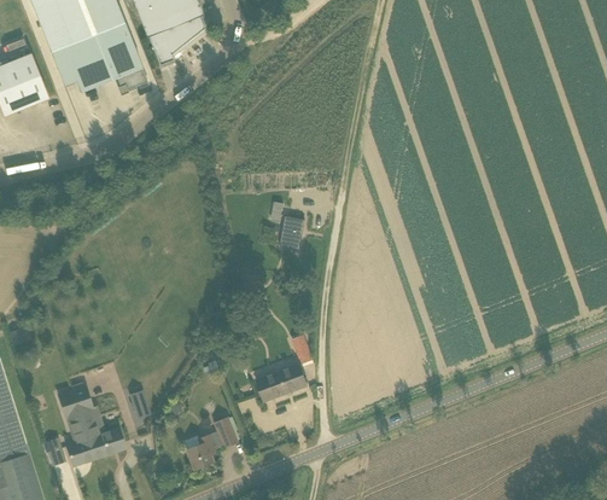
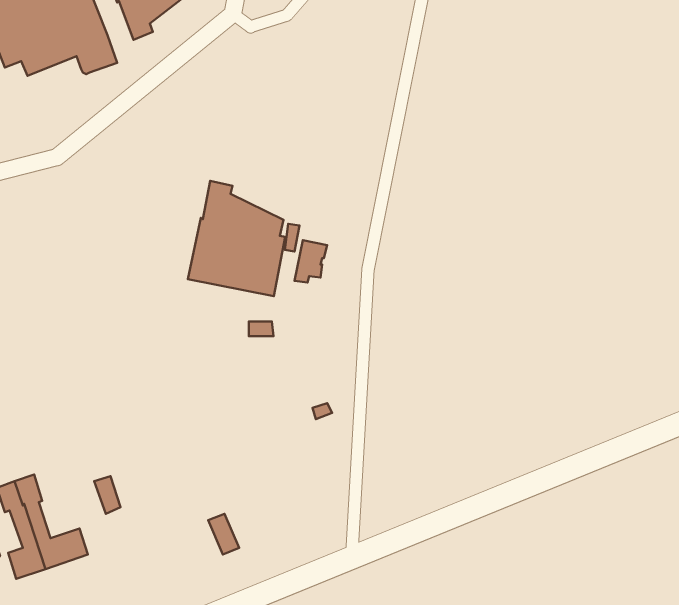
building: none -> [188,181,285,296]
building: [257,364,307,401] -> none
building: [185,435,217,469] -> none

